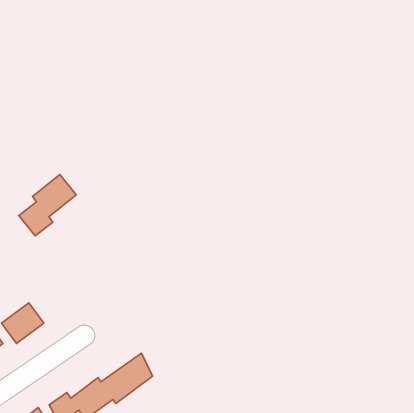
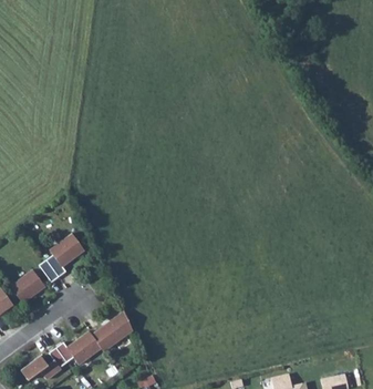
building: [19,175,76,236] -> [38,233,84,283]

